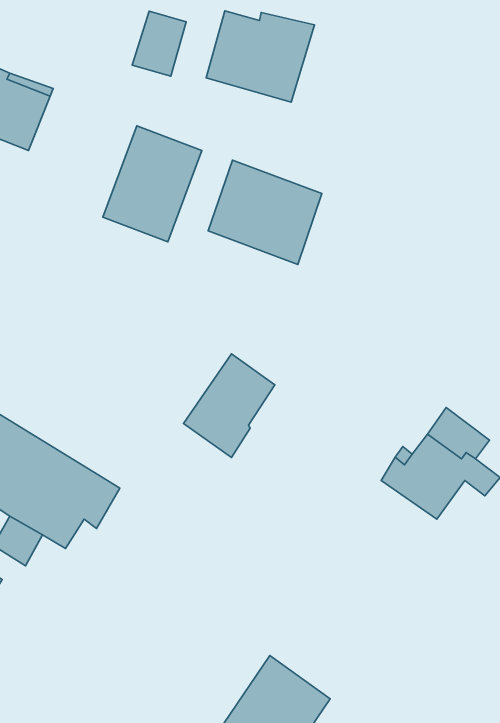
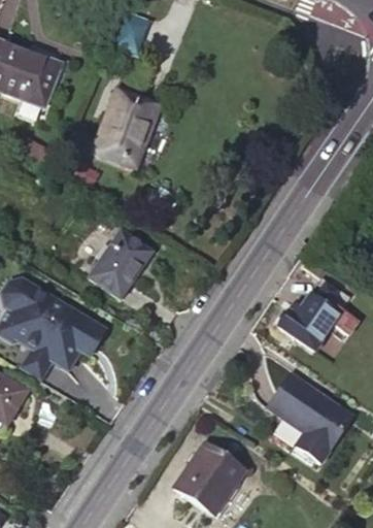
building: [206,11,315,102] -> none
building: [208,160,322,264] -> none
building: [184,354,275,458] -> [90,230,150,299]
building: none -> [267,373,351,463]

